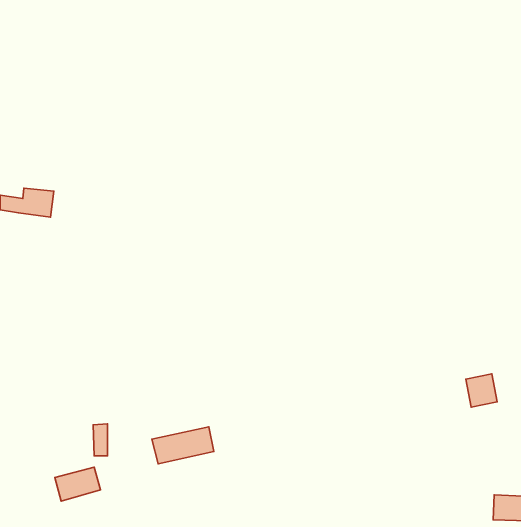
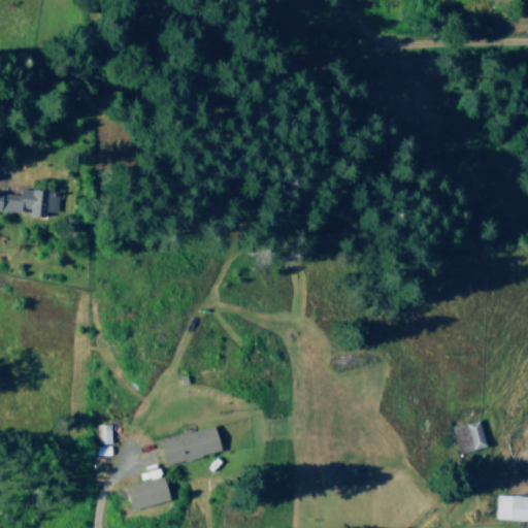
building: [466,374,497,407] -> [457,420,488,453]
building: [55,467,100,501] -> [124,476,169,510]

